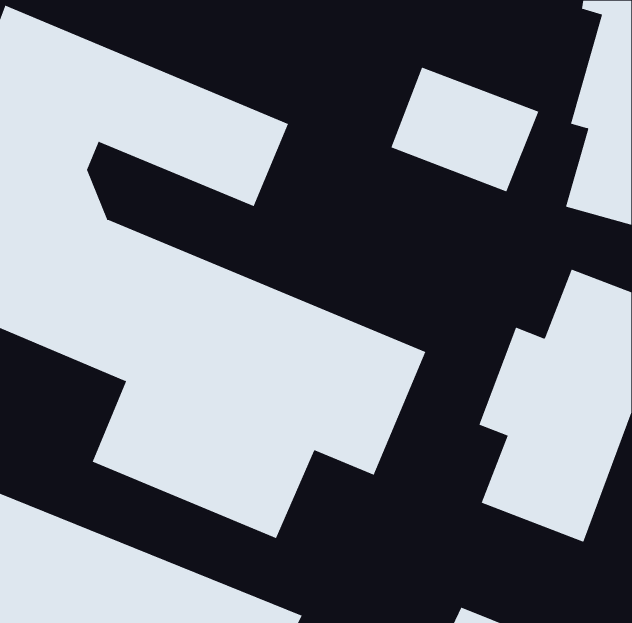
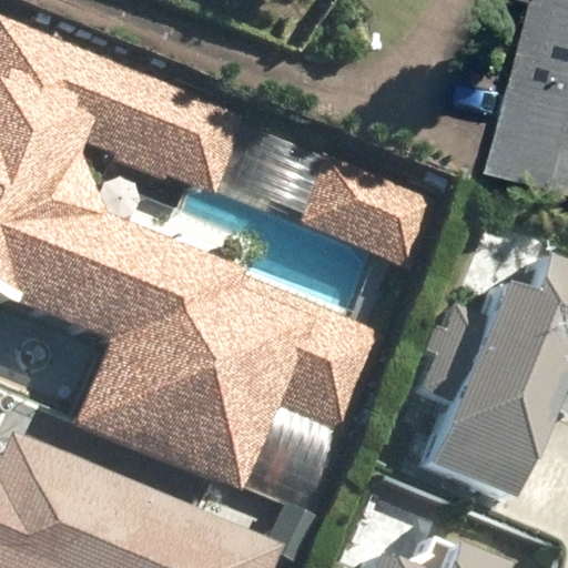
building: [390,67,539,192] -> [297,163,430,275]

